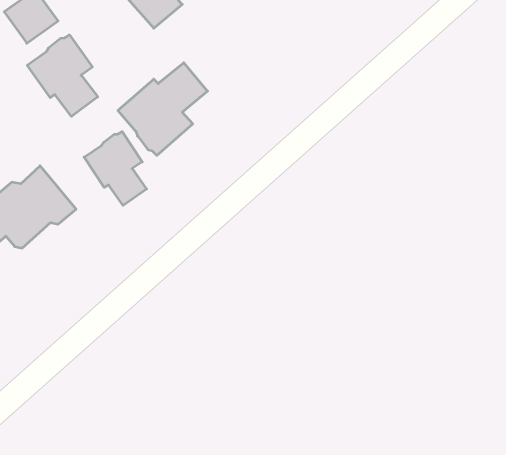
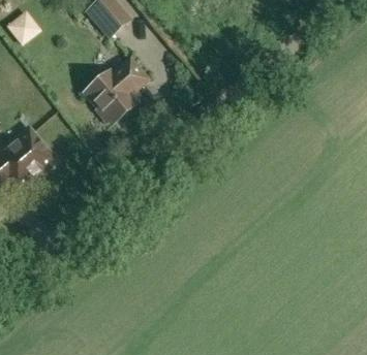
building: [27,35,98,116] -> none
building: [84,132,147,205] -> none

